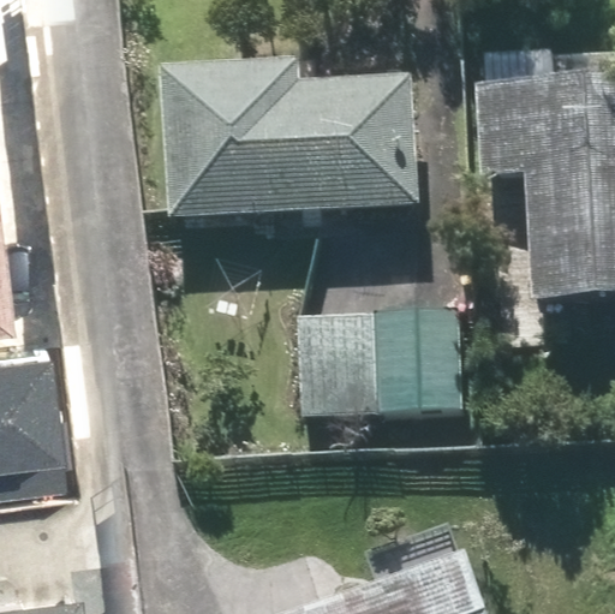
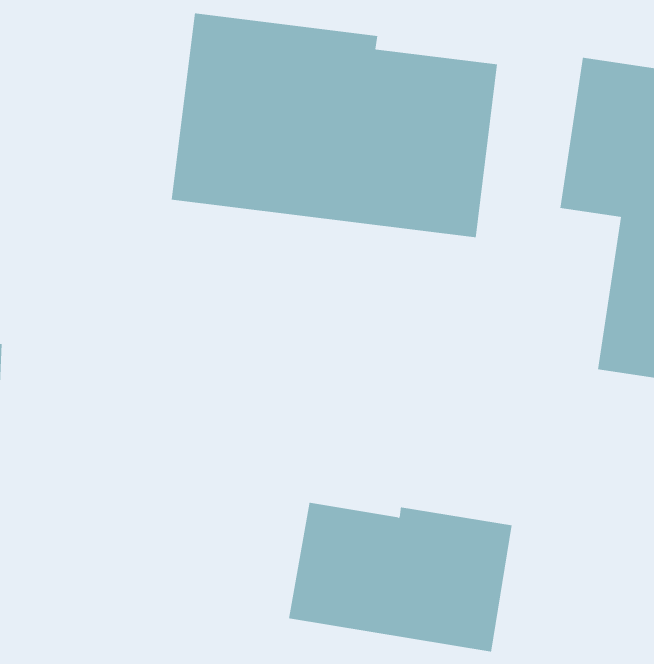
building: [295,309,462,413] -> [288,502,512,652]

